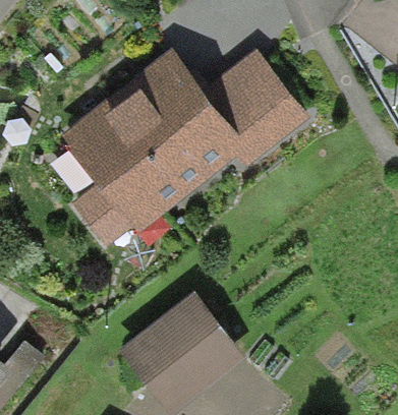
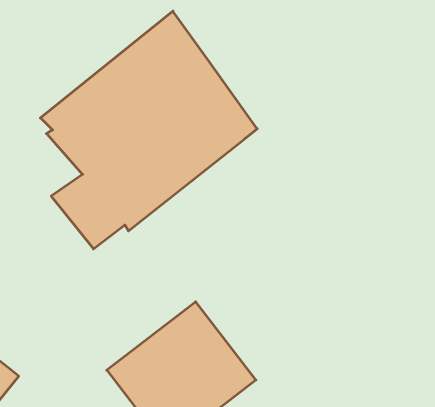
building: [205,50,308,168] -> none

